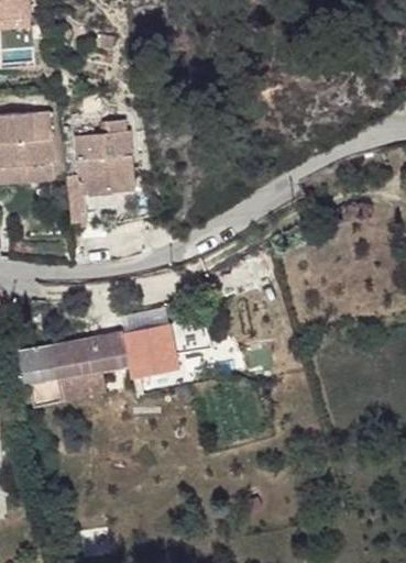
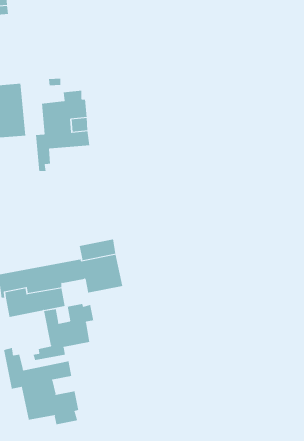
building: none -> [33,303,94,361]
building: none -> [4,347,79,425]

